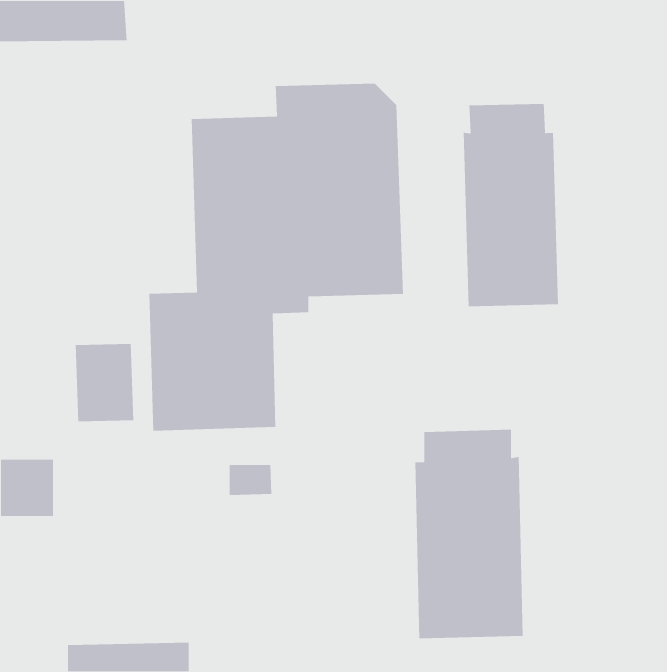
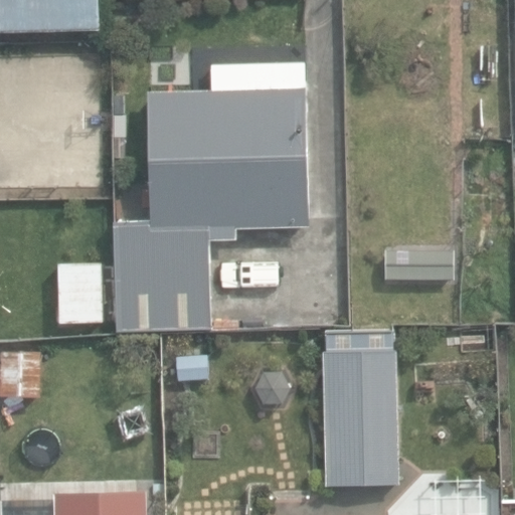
building: [463,103,559,307] -> none

